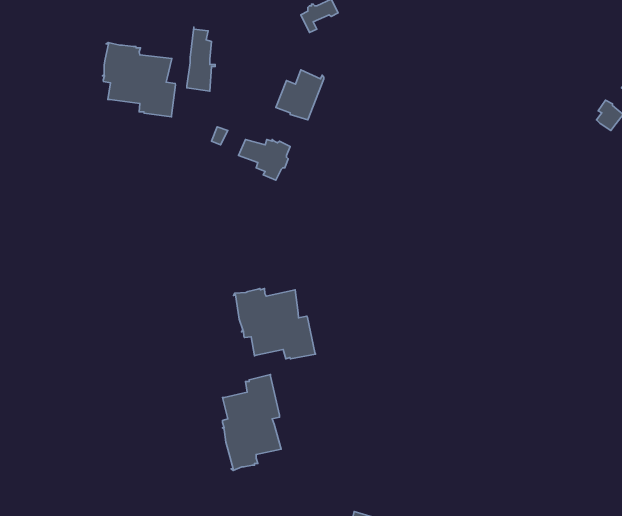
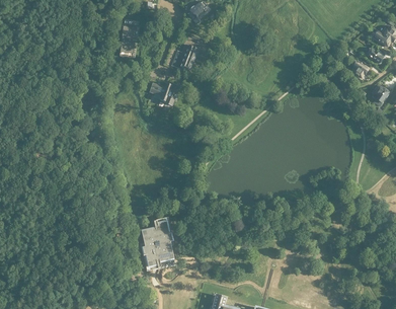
building: [102,43,176,117] -> none
building: [234,288,316,359] -> none

